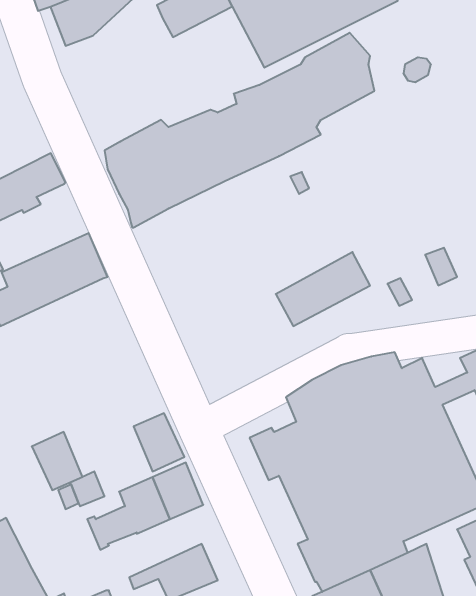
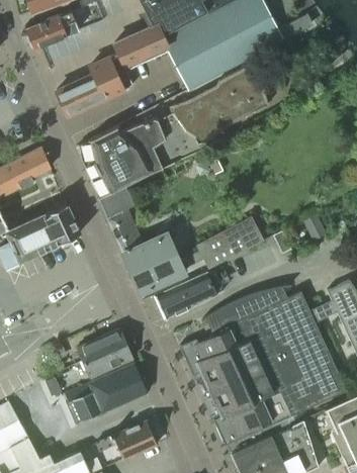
building: none -> [59,54,136,118]
building: none -> [99,186,185,294]
building: none -> [156,269,226,319]
building: [32,432,83,490] -> [77,338,112,378]

